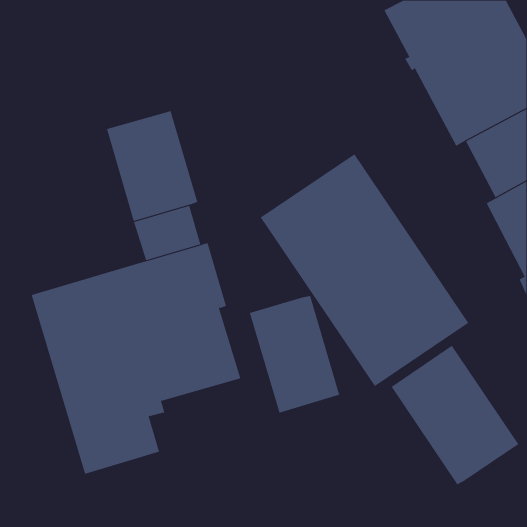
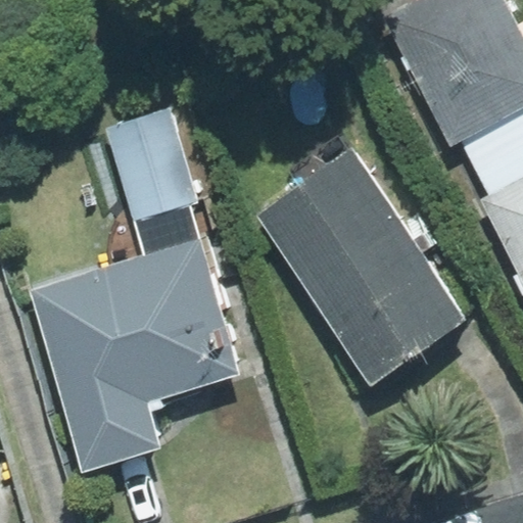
building: [249,295,340,413] -> none
building: [391,345,519,485] -> none

